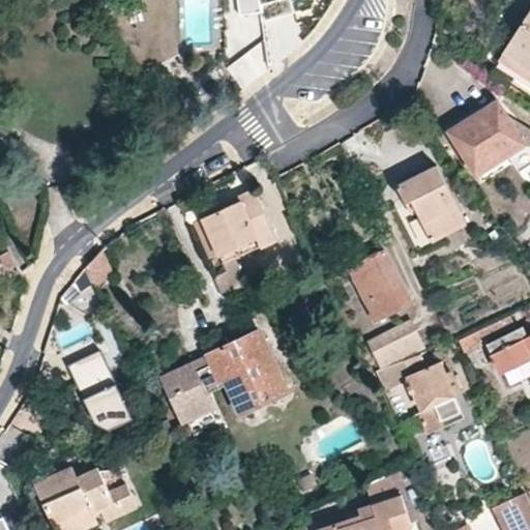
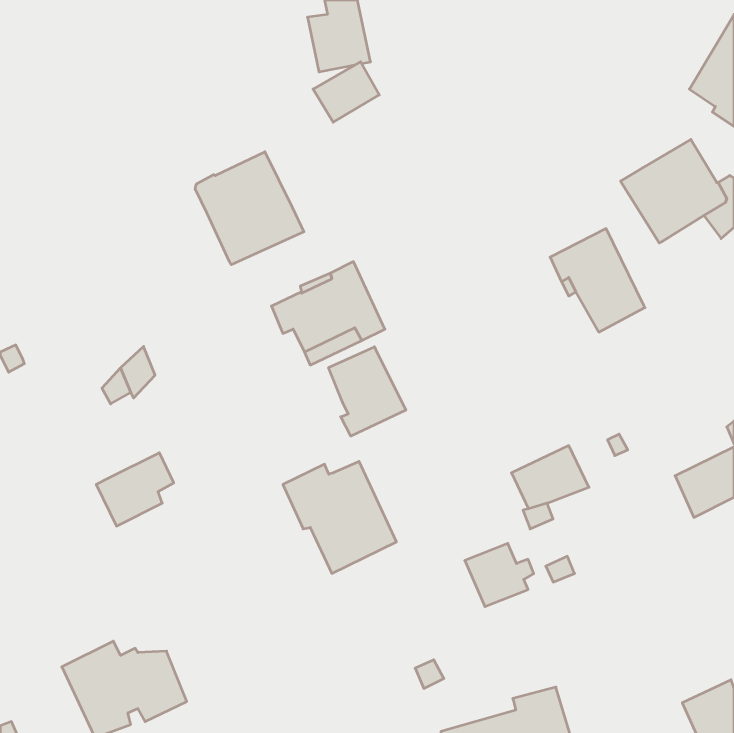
building: none -> [195,152,304,265]
building: none -> [329,347,406,436]
building: [351,252,410,320] -> none
building: [157,350,228,423] -> none
building: [409,364,459,410] -> [465,543,534,607]
building: [78,374,129,431] -> none

